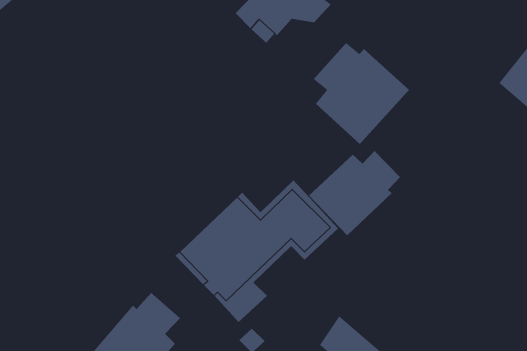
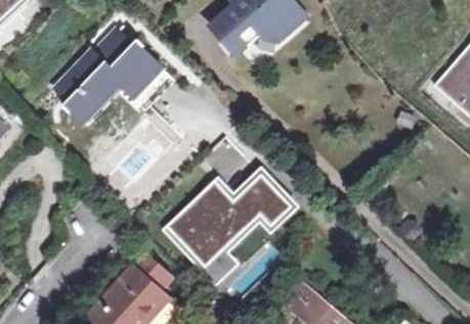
building: none -> [58,36,163,128]
building: [313,42,410,145] -> none
building: [308,150,401,236] -> none

